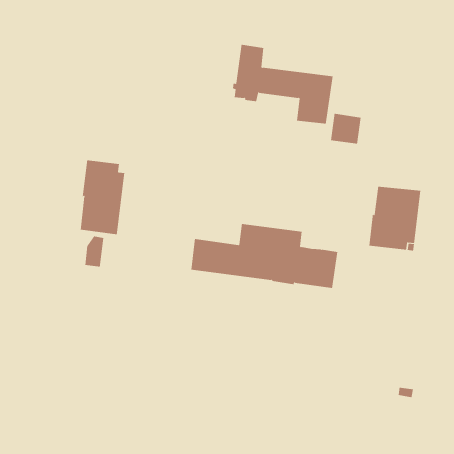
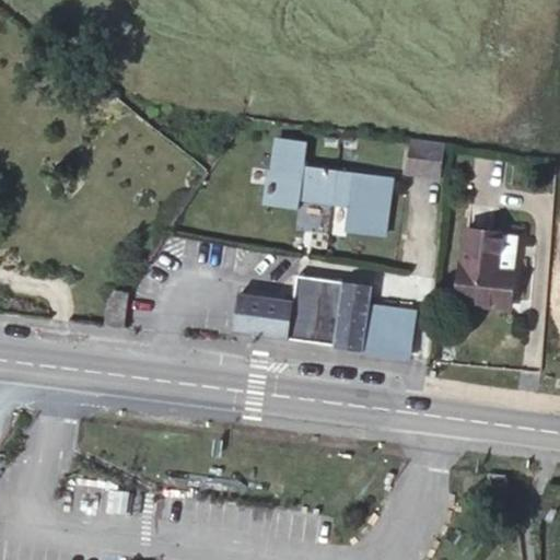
building: [232,44,333,124] -> [267,138,392,236]
building: [80,159,125,235] -> none

